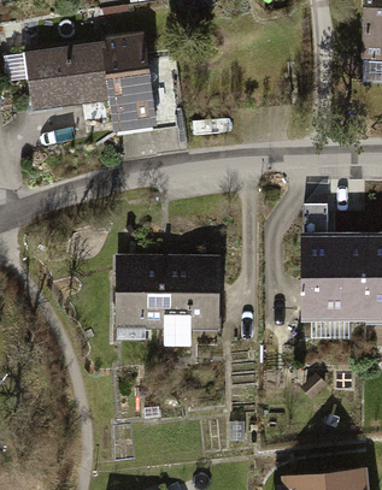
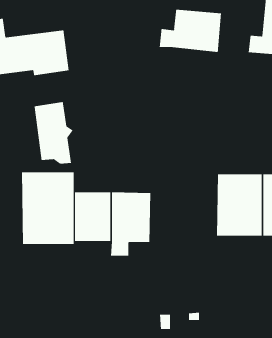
building: none -> [159,9,222,53]
building: [104,36,157,119] -> [34,102,74,164]
building: none -> [22,171,74,245]

